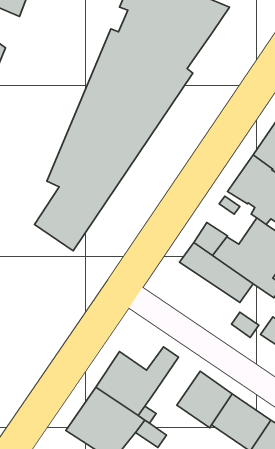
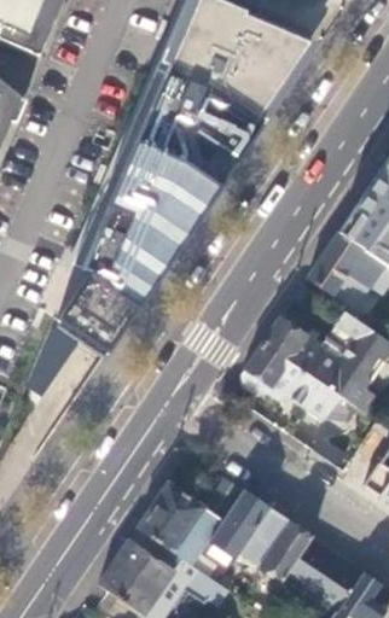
building: none -> [208,490,271,566]

